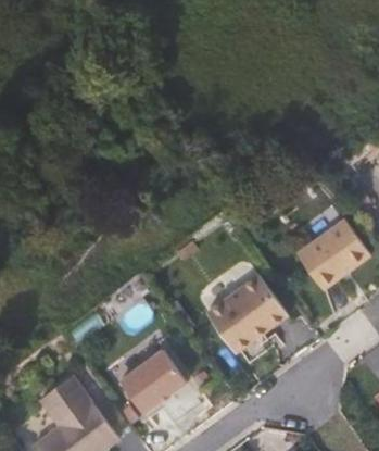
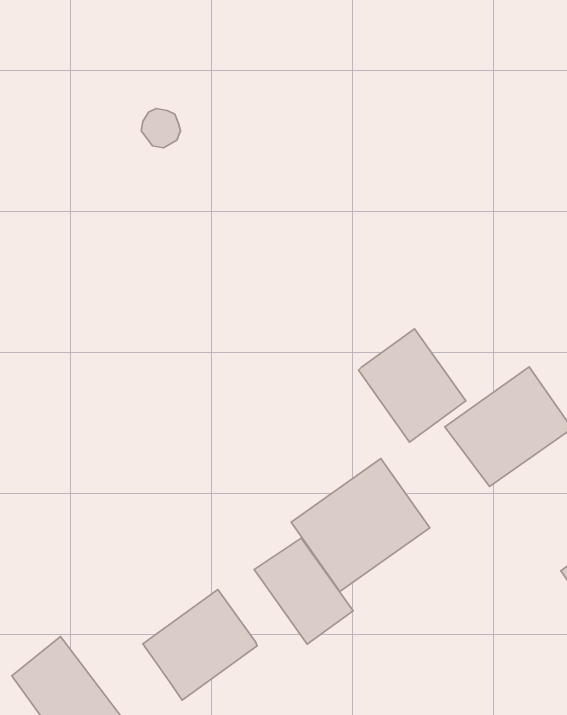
building: none -> [358,329,466,442]
building: none -> [254,538,353,644]

